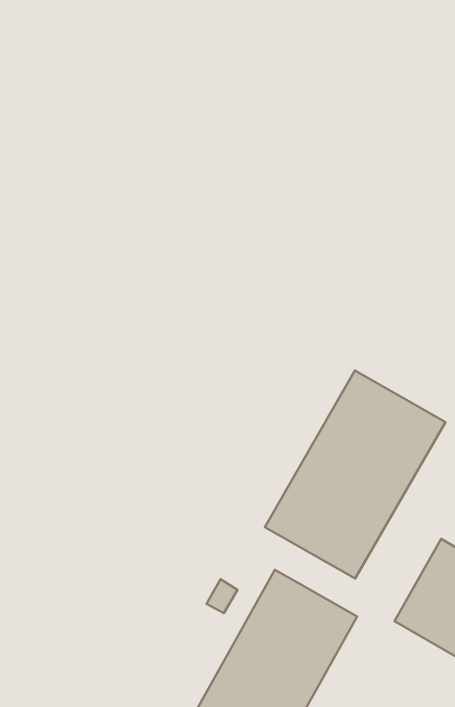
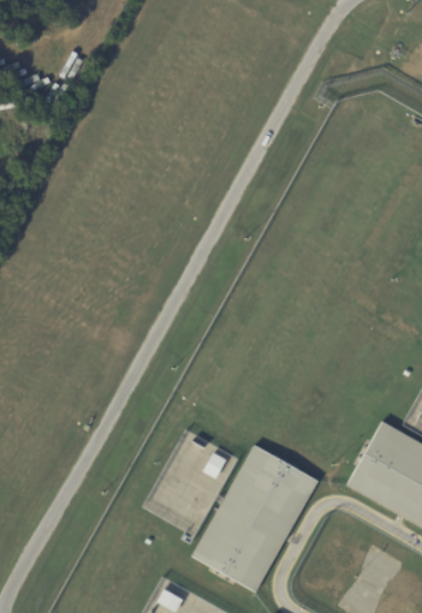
building: [265,371,445,579] -> none

